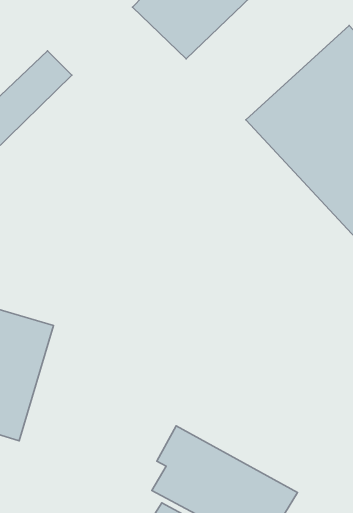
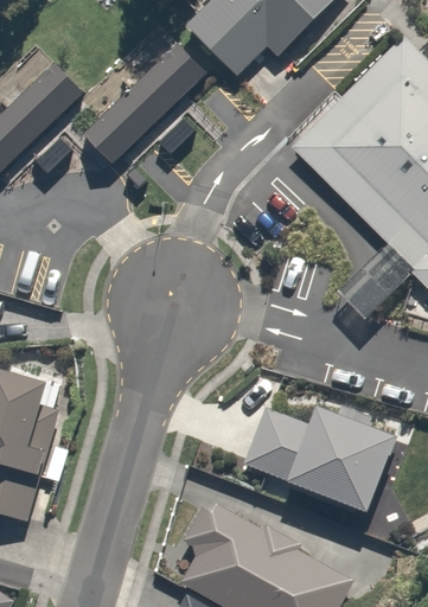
building: none -> [87,44,211,164]
building: none -> [239,394,396,506]

